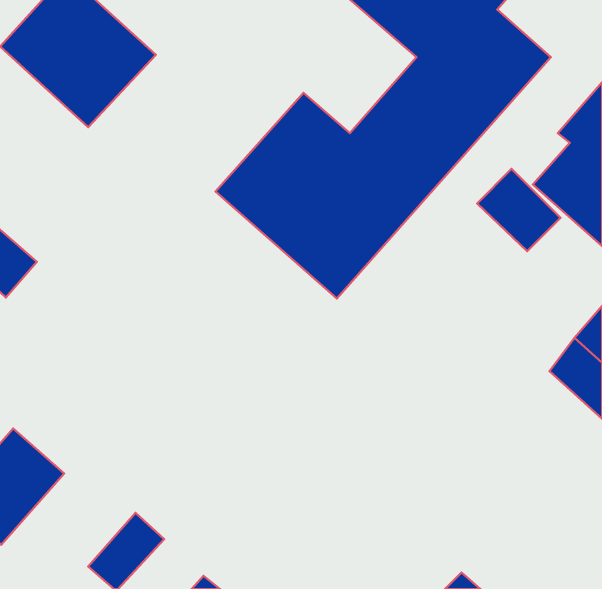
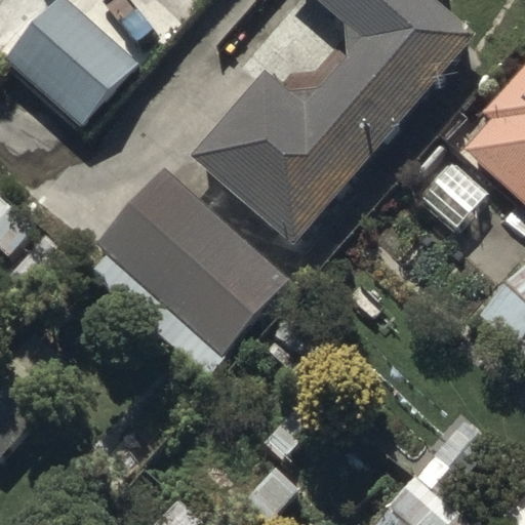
building: none -> [97,178,286,360]

